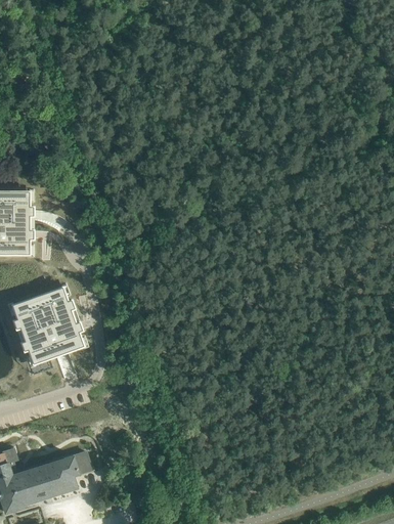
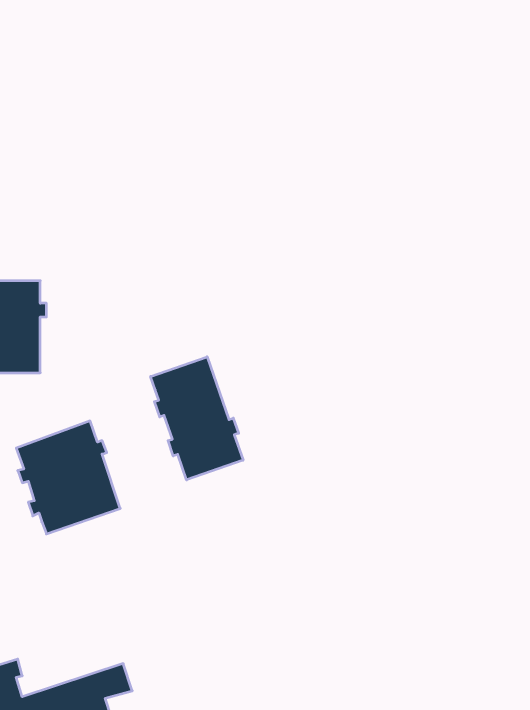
building: none -> [151,357,243,480]

